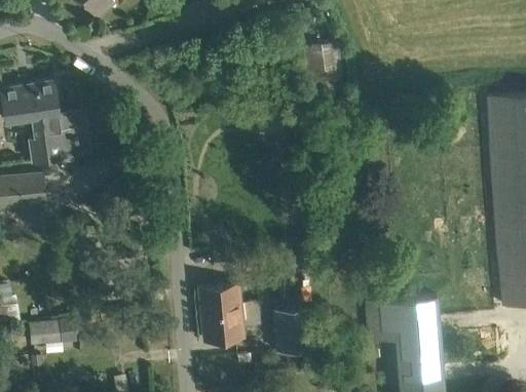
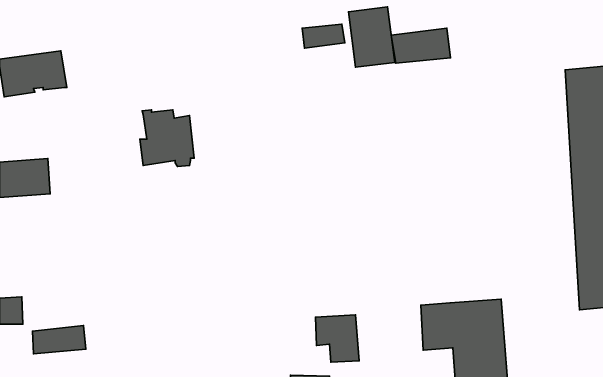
building: none -> [302,24,345,48]
building: none -> [391,28,450,63]
building: [28,113,75,162] -> [140,110,194,167]
building: [198,284,243,341] -> none

